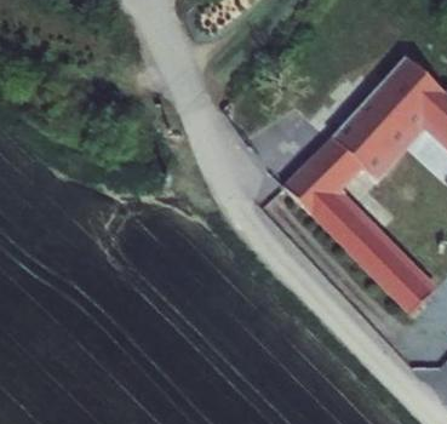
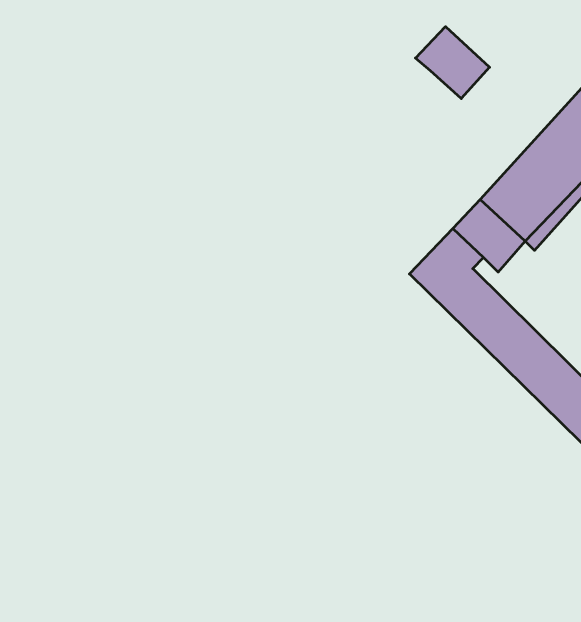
building: none -> [415,27,490,99]

